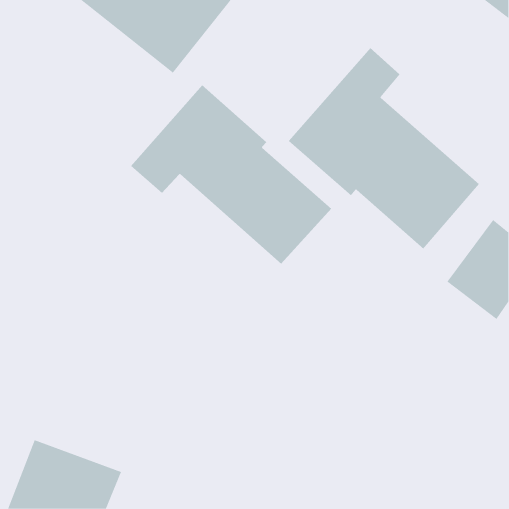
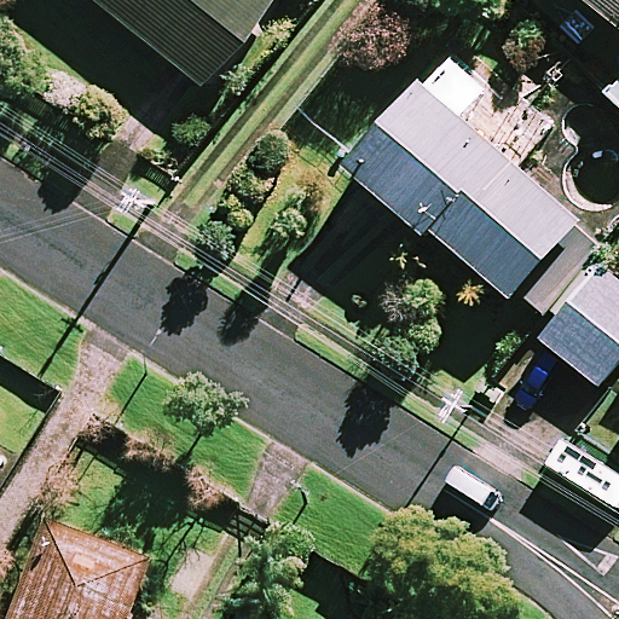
building: [130,84,332,264] -> none

